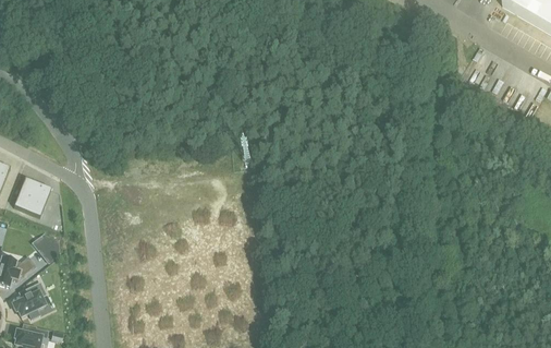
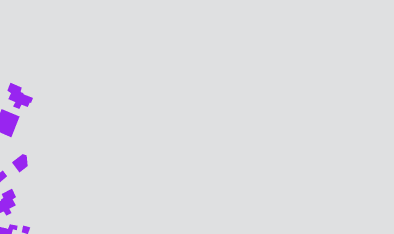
building: none -> [7,82,34,110]

